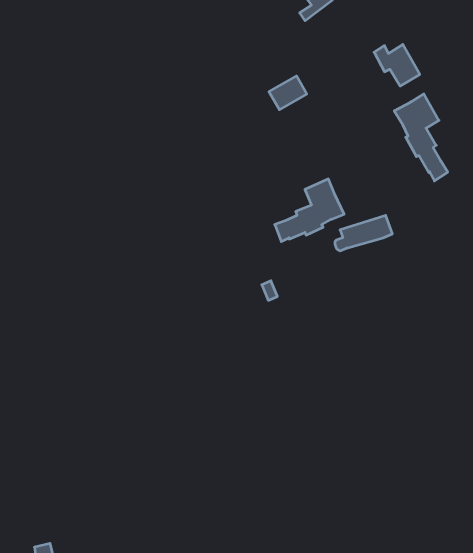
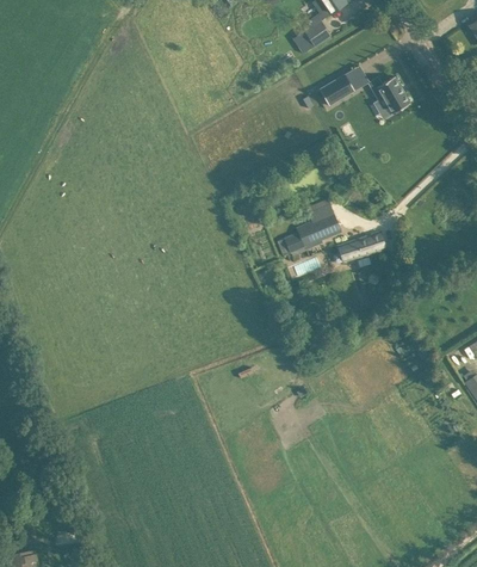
building: [269,76,307,110] -> [320,74,354,105]
building: [394,94,448,181] -> none

